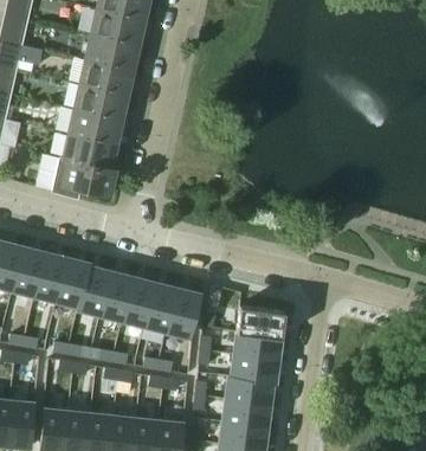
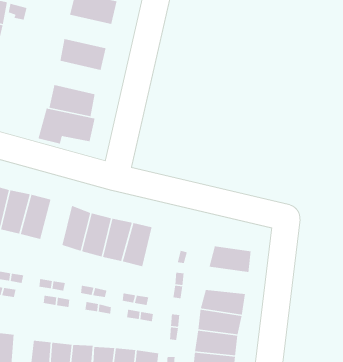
building: [80,58,133,94] -> none
building: [70,108,121,143] -> none
building: [56,257,89,307] -> none
building: [166,286,199,336] -> none
building: [233,330,280,359] -> none

